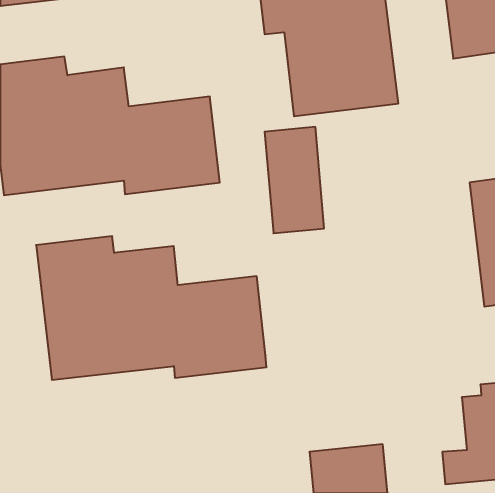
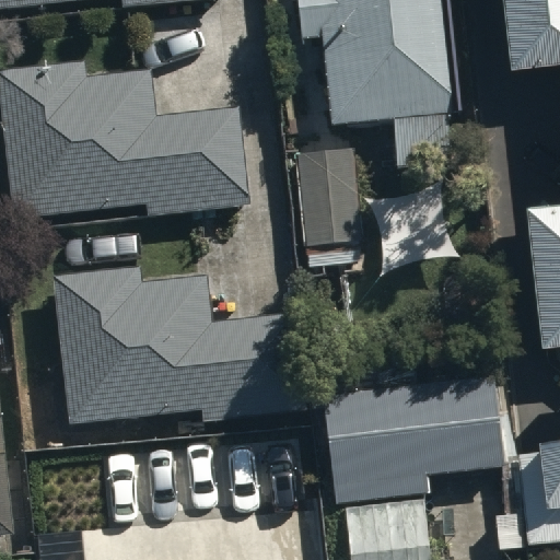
building: none -> [323,366,502,498]

